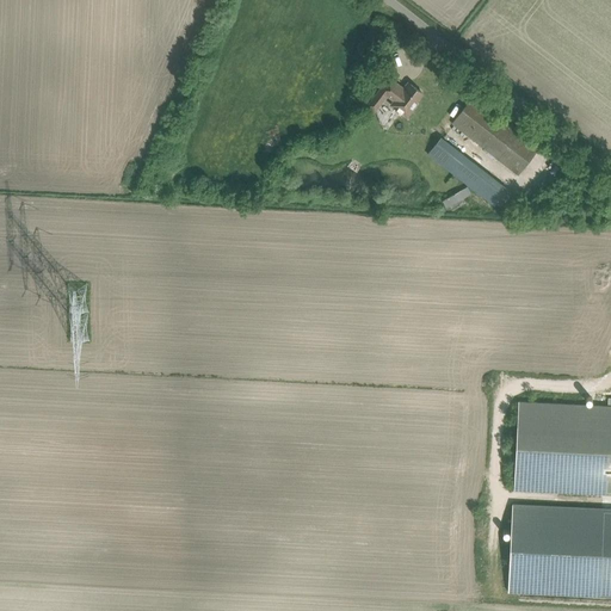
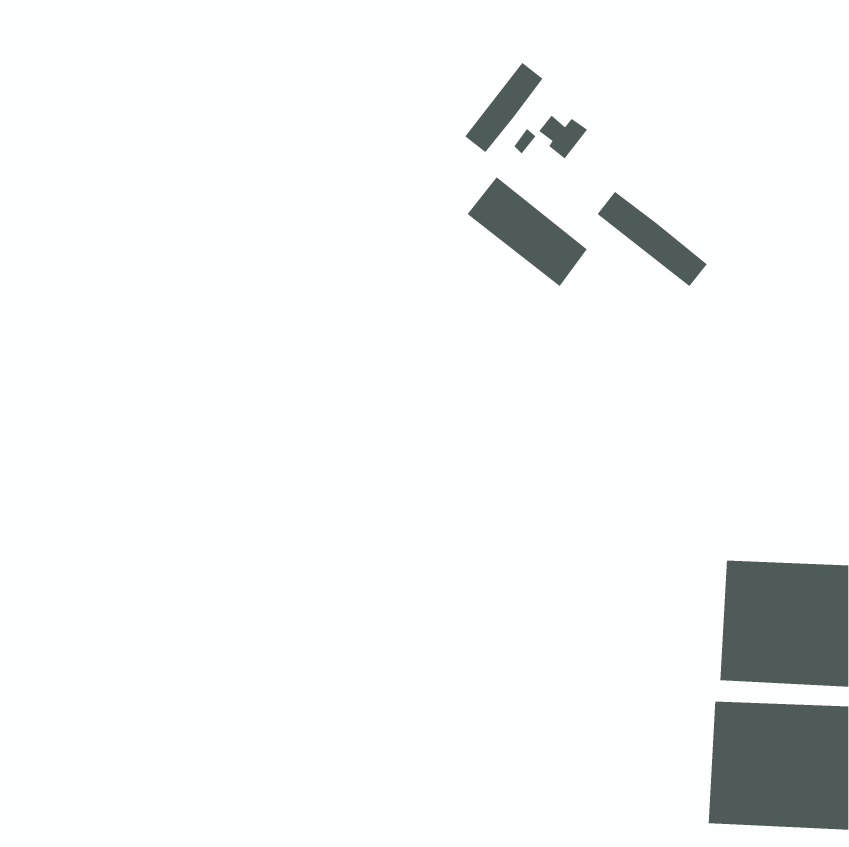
building: none -> [464,62,543,153]
building: [452,97,539,177] -> [467,176,588,287]

